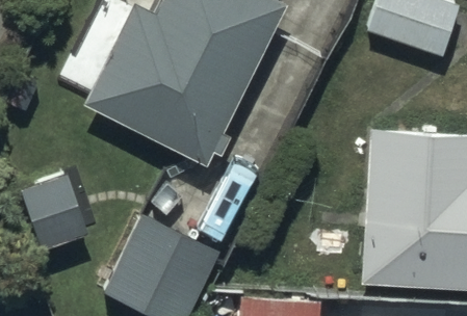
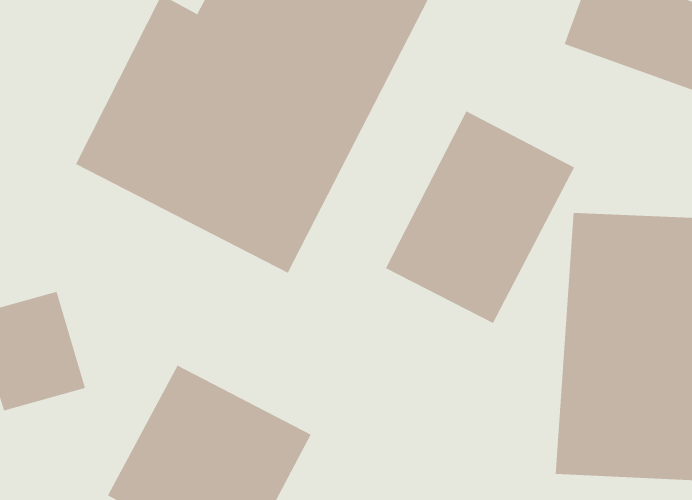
building: none -> [385,111,575,324]

